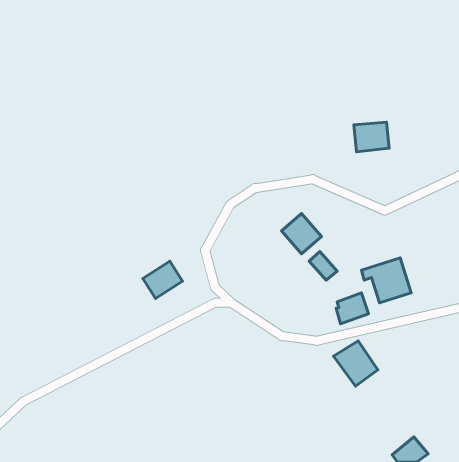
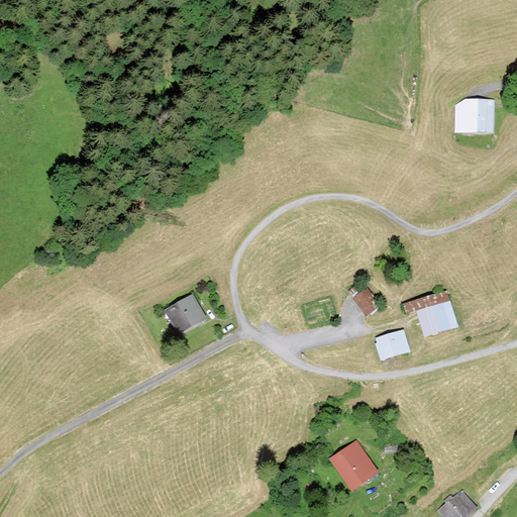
building: [354,122,389,152] -> [454,102,494,135]
building: [281,213,322,254] -> none
building: [334,341,378,386] -> [328,441,378,492]

